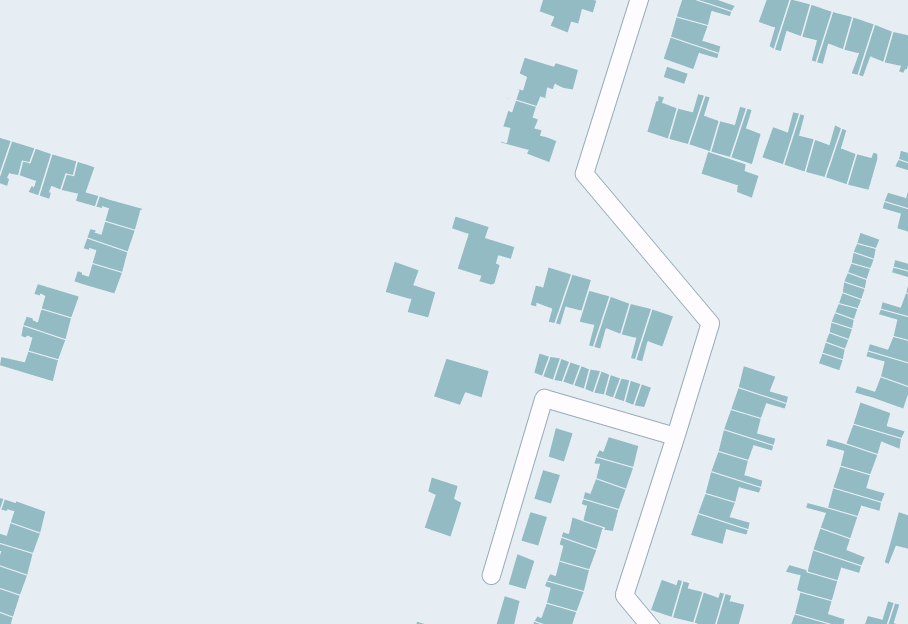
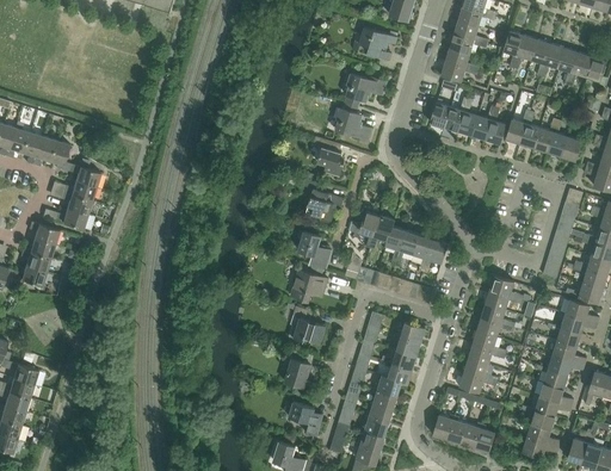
building: [701,151,759,199] -> none
building: none -> [313,137,344,178]
building: [385,261,436,318] -> [297,231,331,268]
building: none -> [289,306,326,343]
building: none -> [289,402,323,438]

